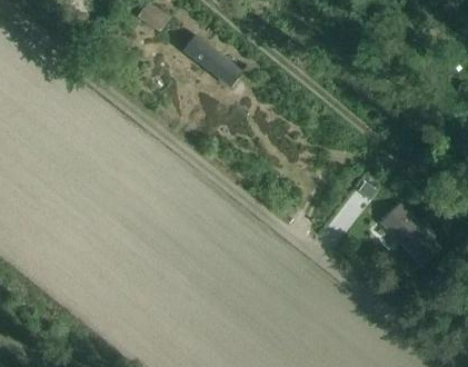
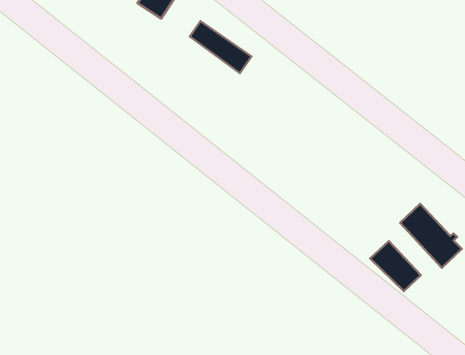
building: none -> [370,241,421,291]

